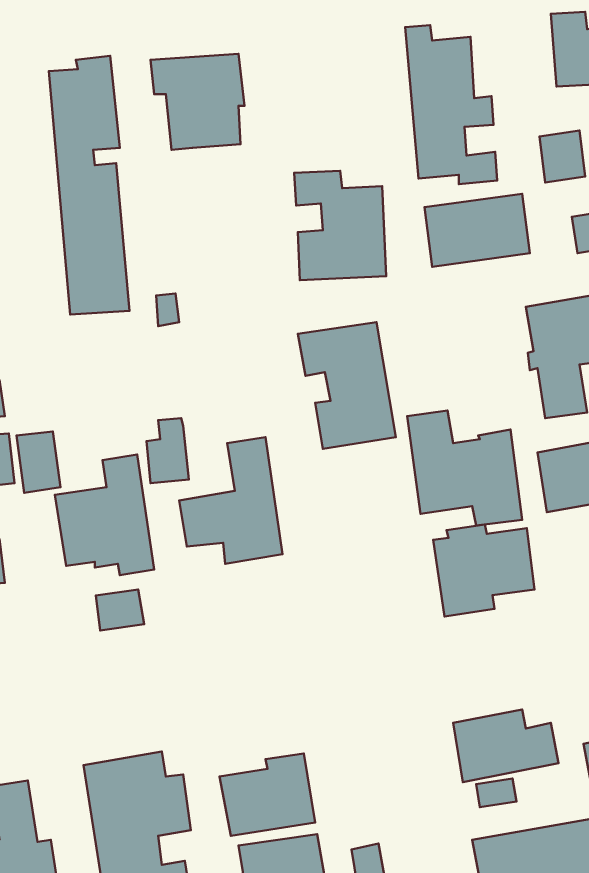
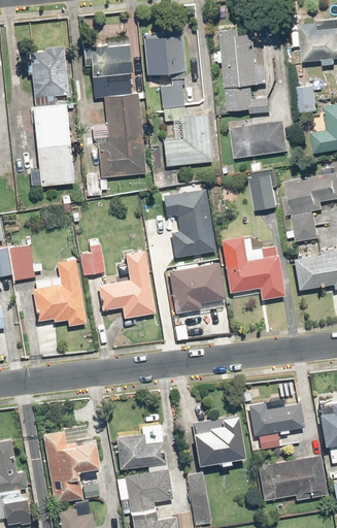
building: none -> [142,33,184,109]
building: none -> [92,93,143,177]
building: none -> [246,171,277,211]
building: [433,524,535,616] -> [167,264,222,314]
building: [96,589,144,631] -> none
building: none -> [184,419,243,466]

